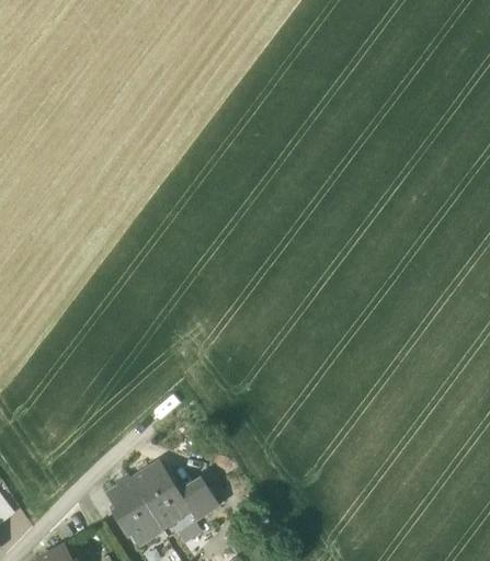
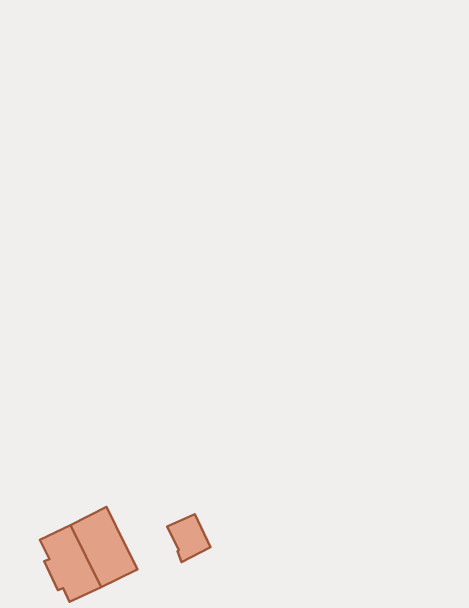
building: [180,479,218,520] -> [167,514,211,562]

